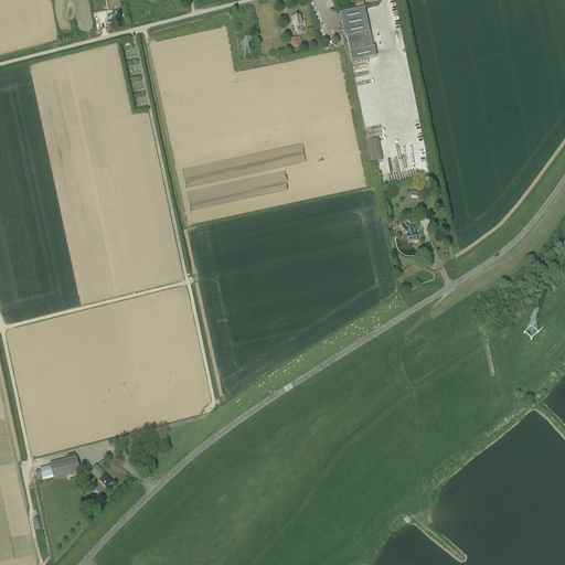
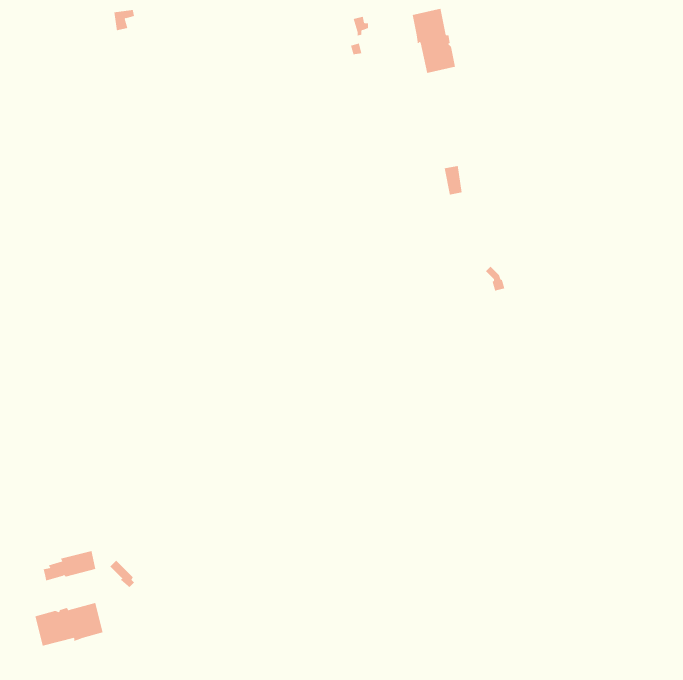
building: none -> [35,602,103,647]

